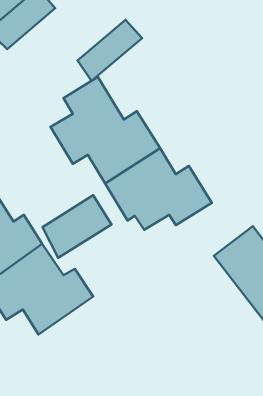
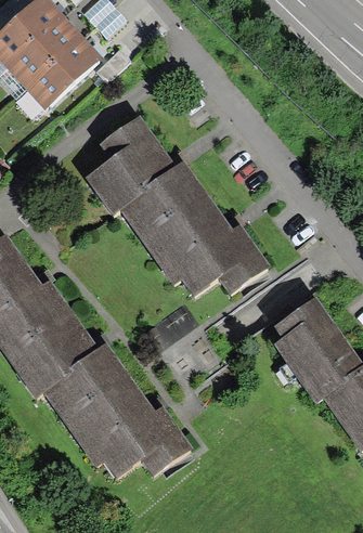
building: [77,20,142,81] -> [30,38,106,109]
building: [42,195,111,258] -> none
building: none -> [67,375,187,483]

